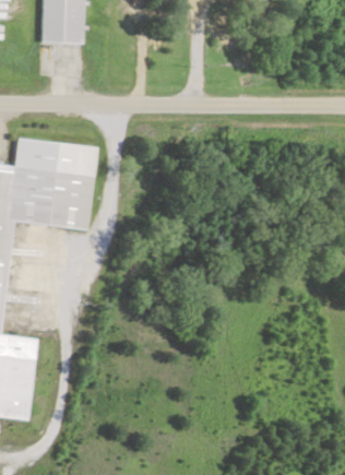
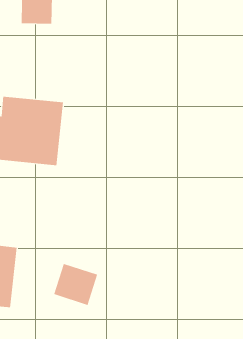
building: none -> [54,263,98,306]

